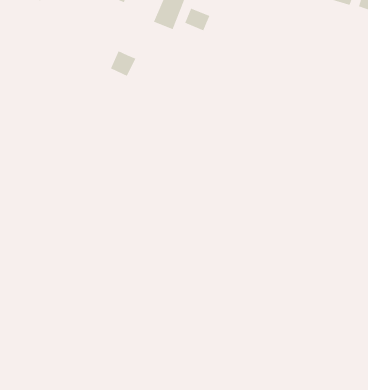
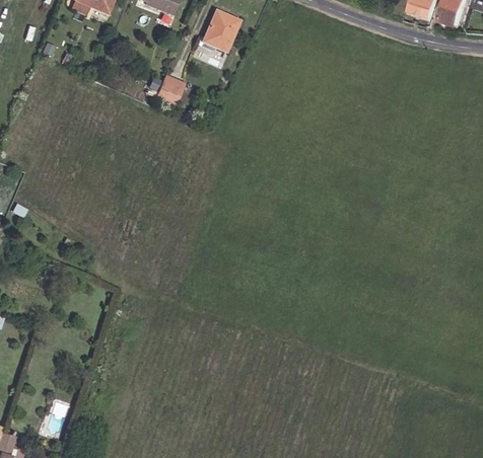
building: [185,8,210,31] -> none

